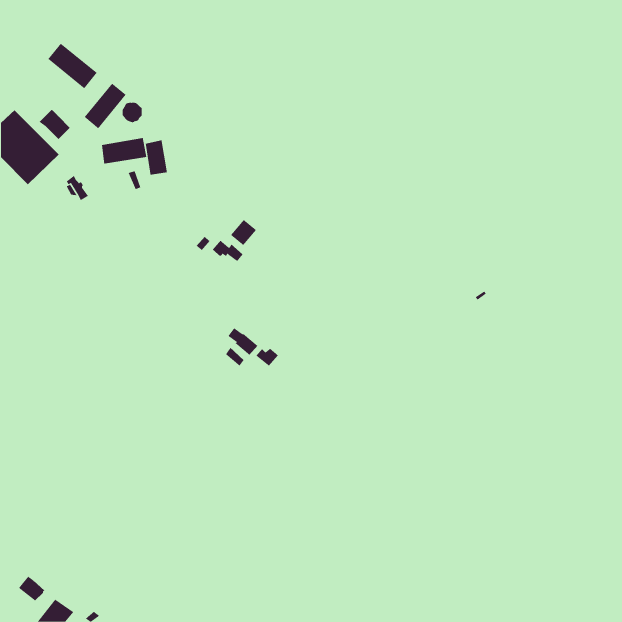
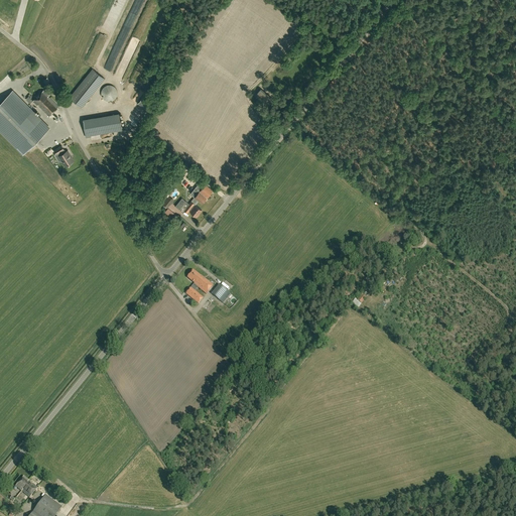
building: [48,43,97,89] -> none
building: [145,140,167,175] -> none

